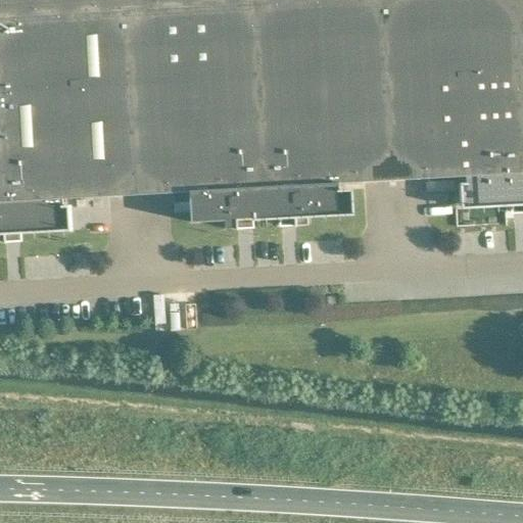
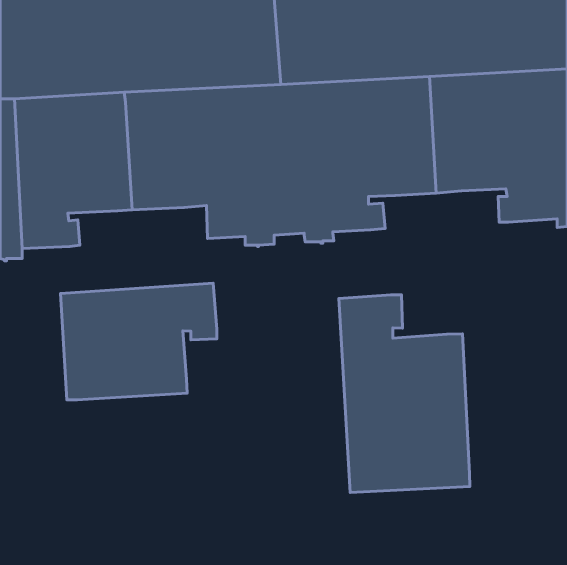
building: none -> [61,283,217,400]
building: none -> [339,295,470,493]

